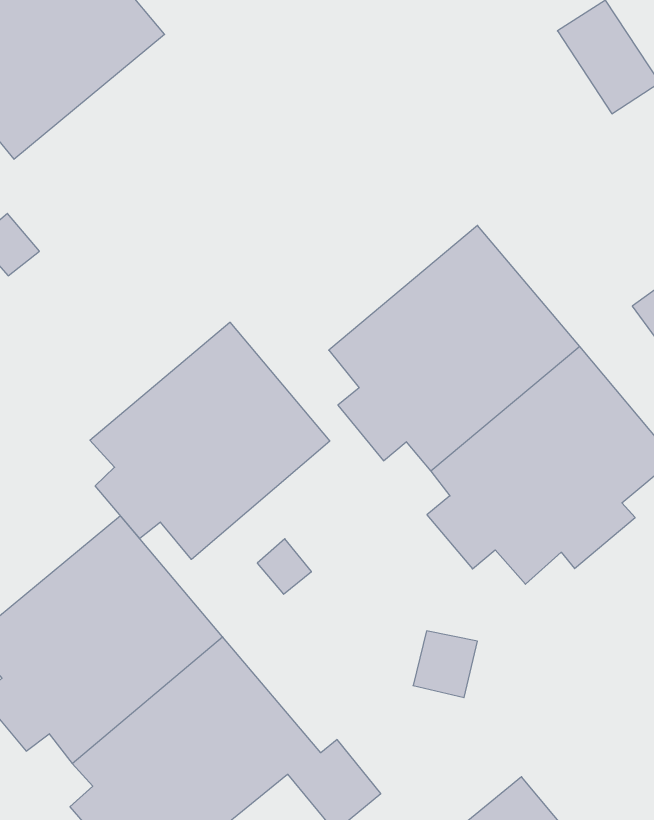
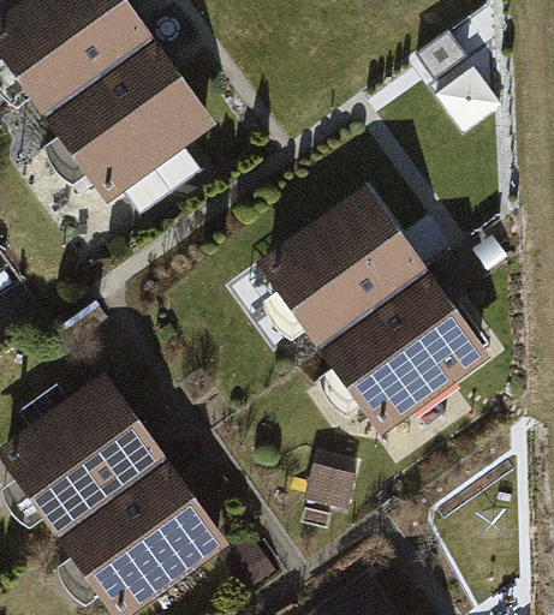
building: none -> [42,37,216,213]
building: [90,322,330,559] -> none

